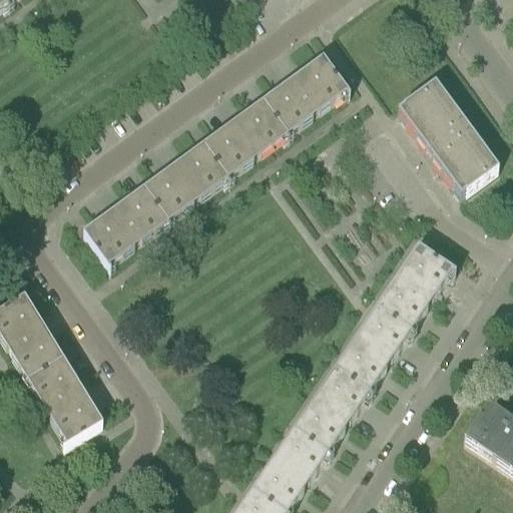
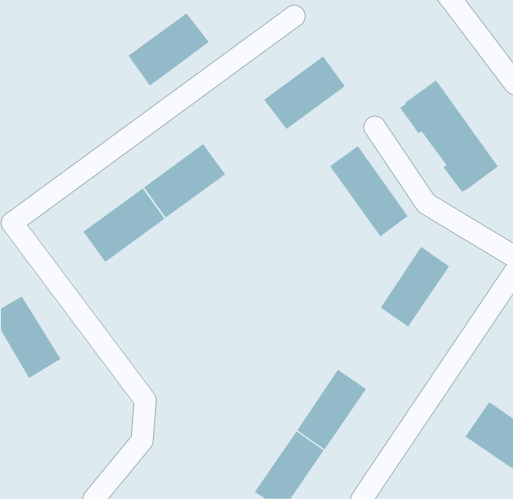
building: [204,99,291,178] -> [127,12,214,92]
building: none -> [323,145,408,242]
building: [338,306,414,391] -> none
building: [25,357,102,444] -> none

